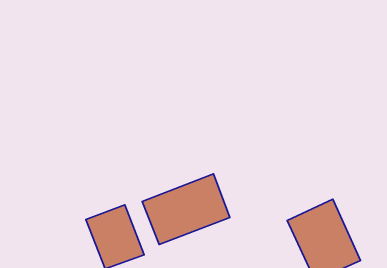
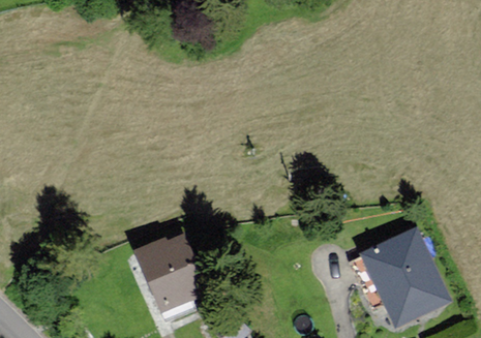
building: [142,174,230,245] -> none

